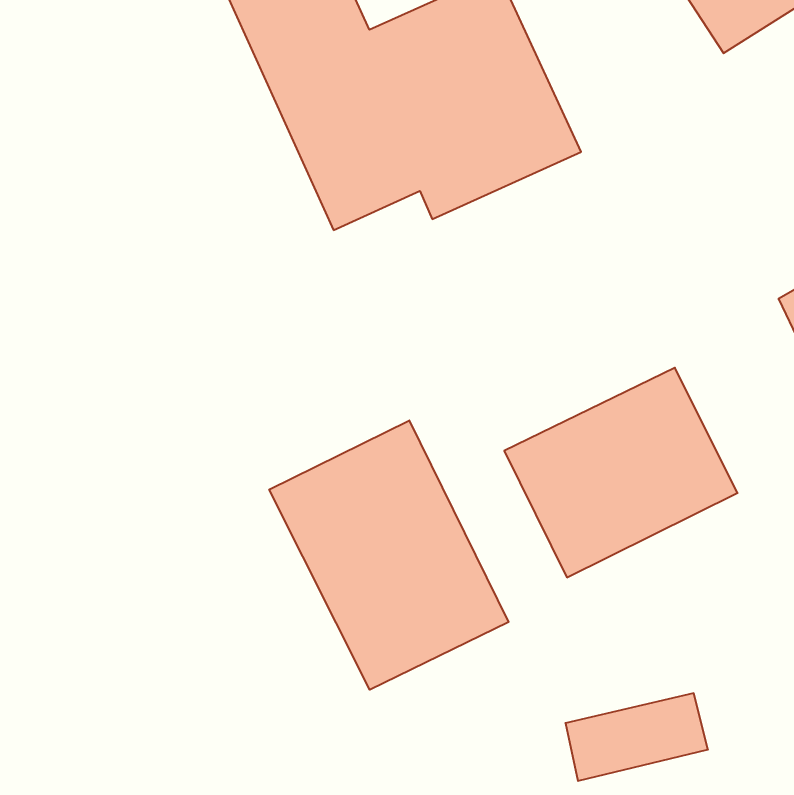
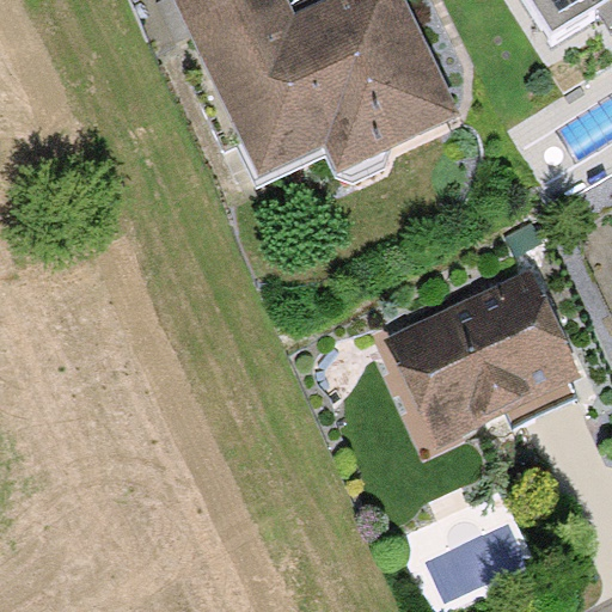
building: [269,420,509,690] -> none

